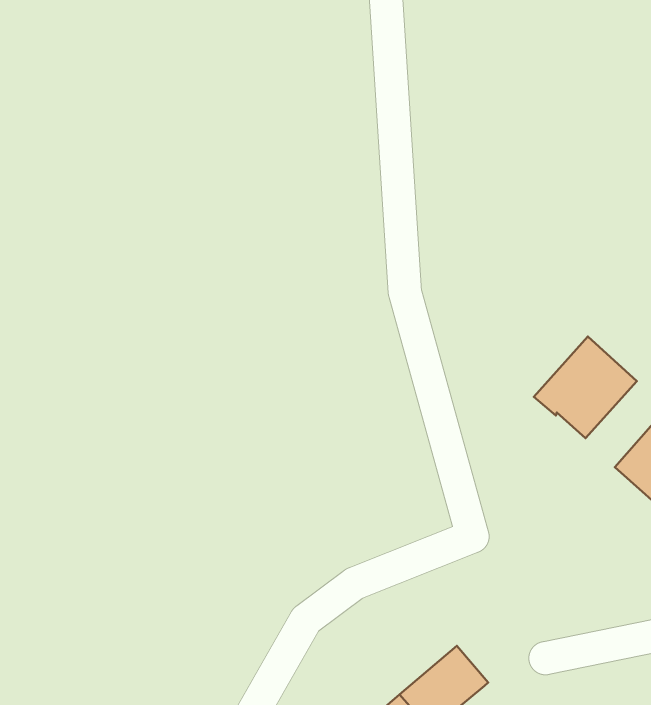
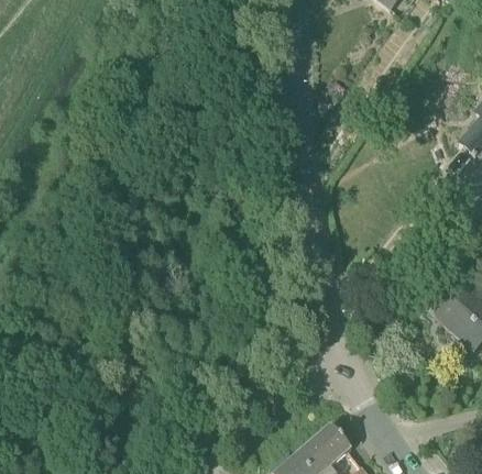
building: [534,336,637,438] -> none

